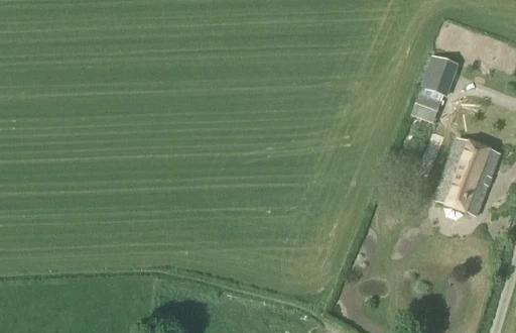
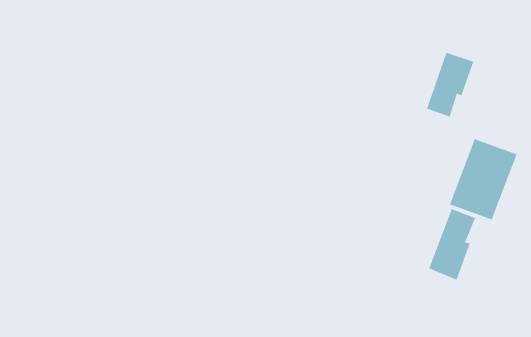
building: none -> [428,208,476,280]

